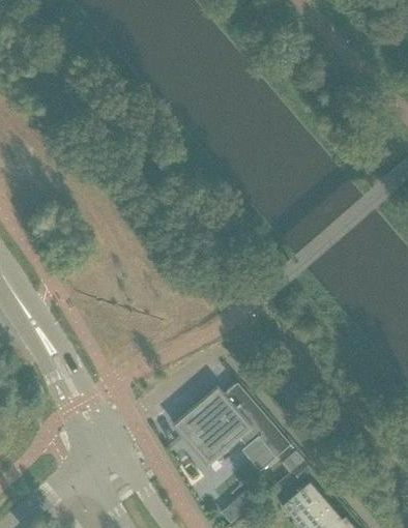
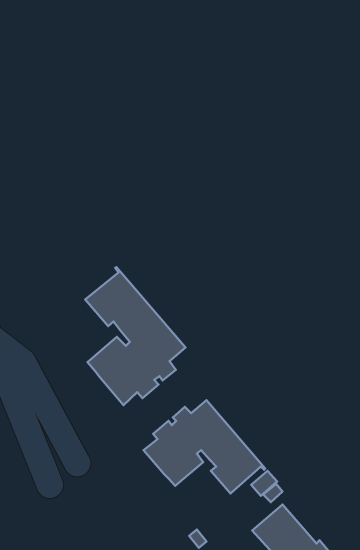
building: none -> [85,267,185,405]

